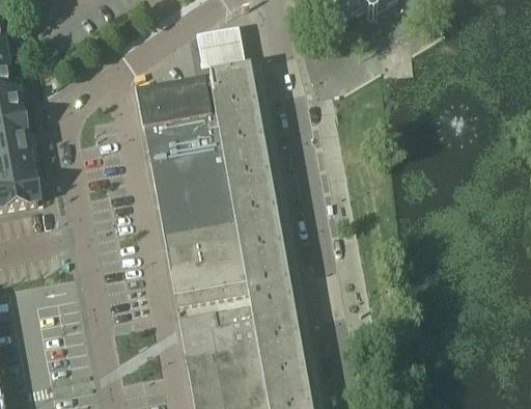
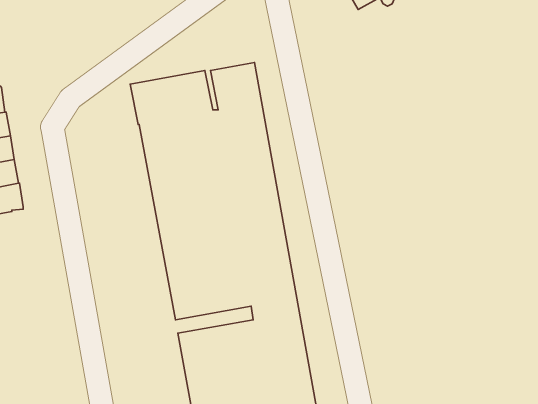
building: [200,30,247,69] -> none

